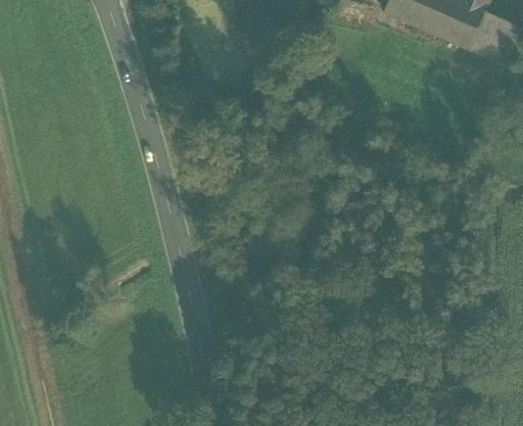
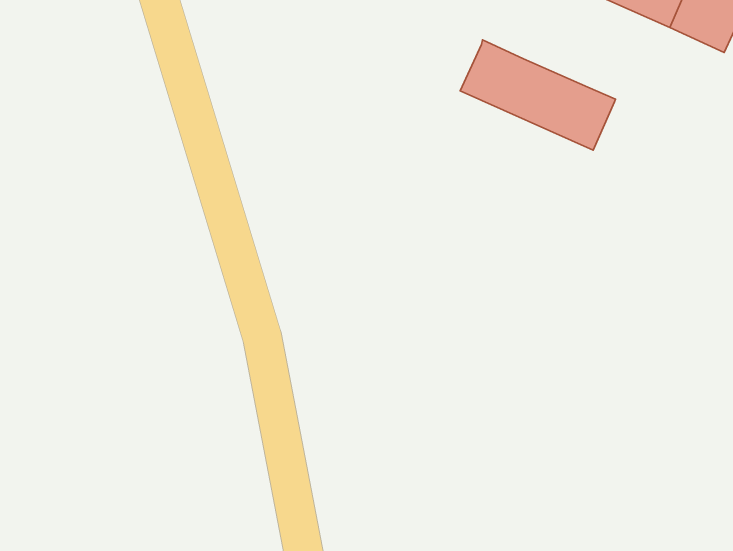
building: none -> [460,40,615,150]

